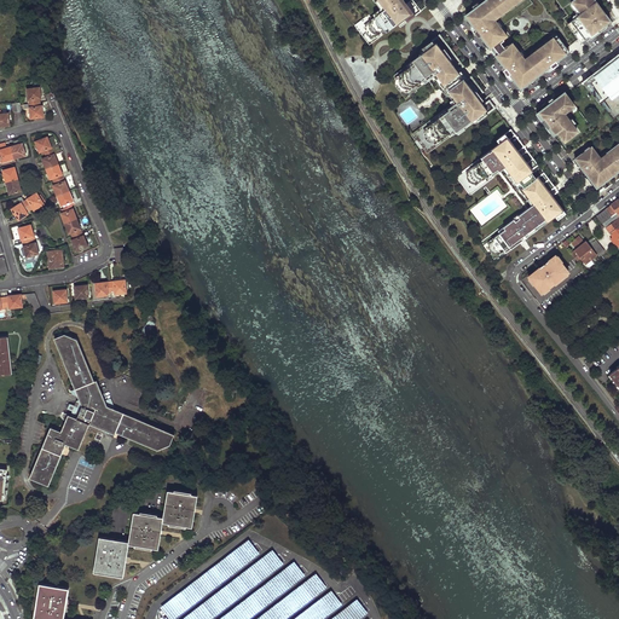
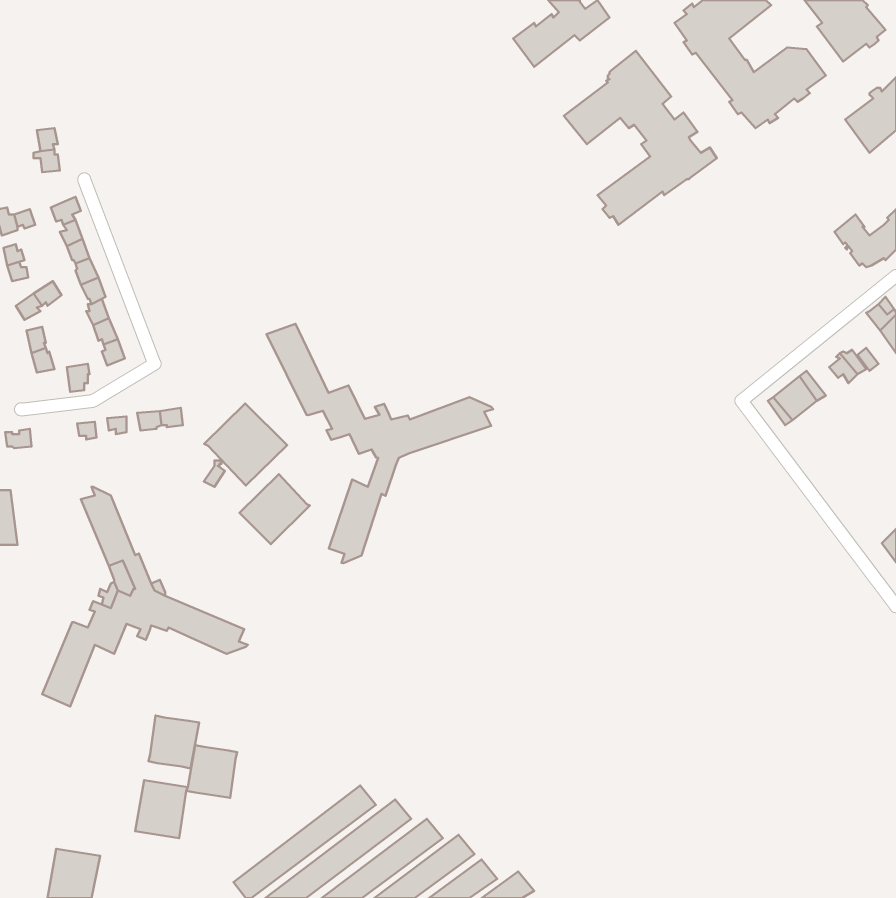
building: [536,92,575,141] -> none
building: [465,129,565,256] -> none
building: none -> [266,324,493,563]
building: none -> [204,403,287,486]
building: none -> [239,474,310,544]
building: [162,491,197,527] -> [148,716,199,768]

